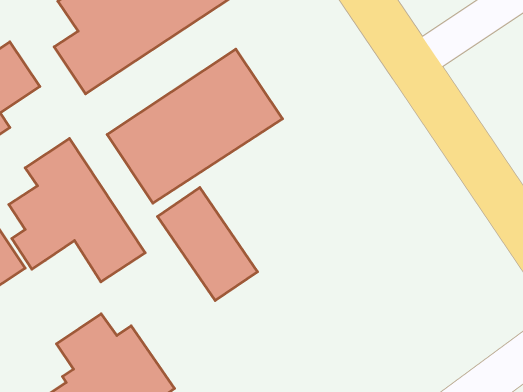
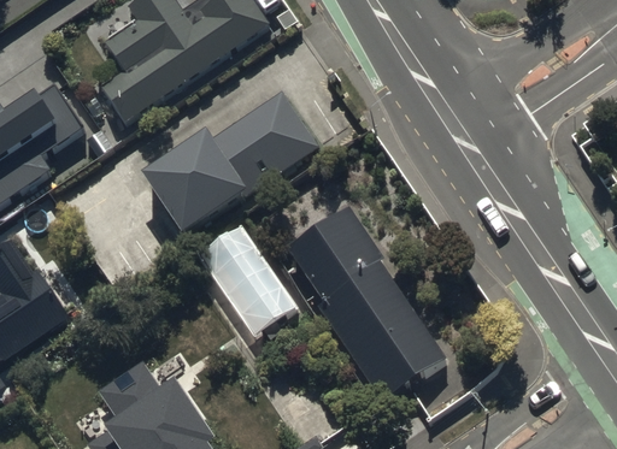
building: [9,138,145,282] -> none
building: none -> [277,205,456,413]

